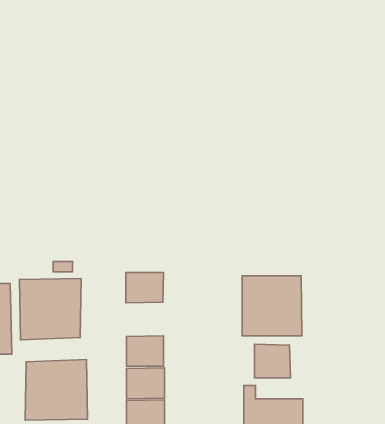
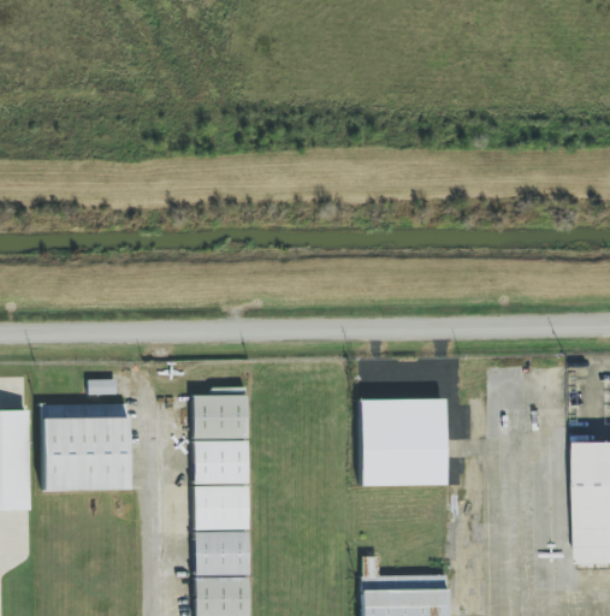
building: none -> [194,440,248,485]
building: [254,344,290,378] -> none
building: [25,359,87,420] -> none

